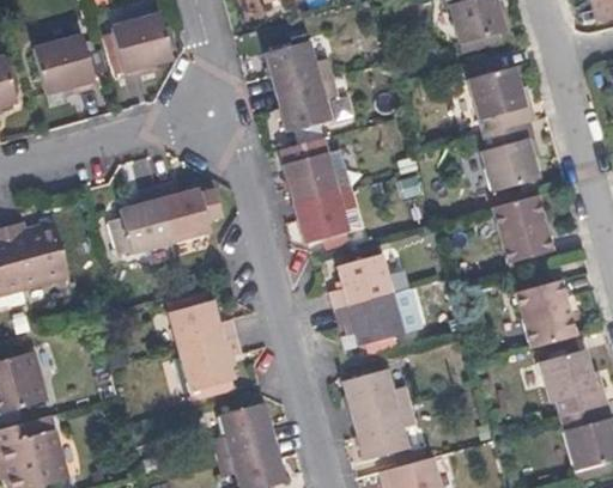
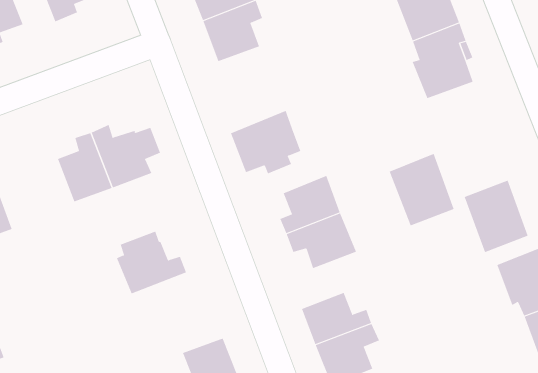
building: [278,133,350,203] -> none
building: [492,193,553,262] -> [389,153,455,226]
building: [177,336,241,394] -> none

